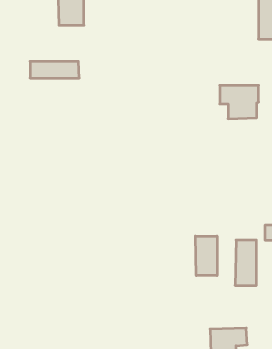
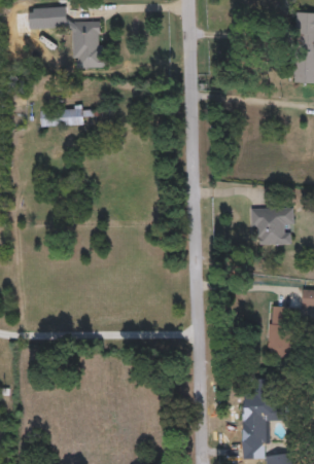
building: [220,85,259,119] -> [250,208,293,245]
building: [195,236,217,276] -> none

